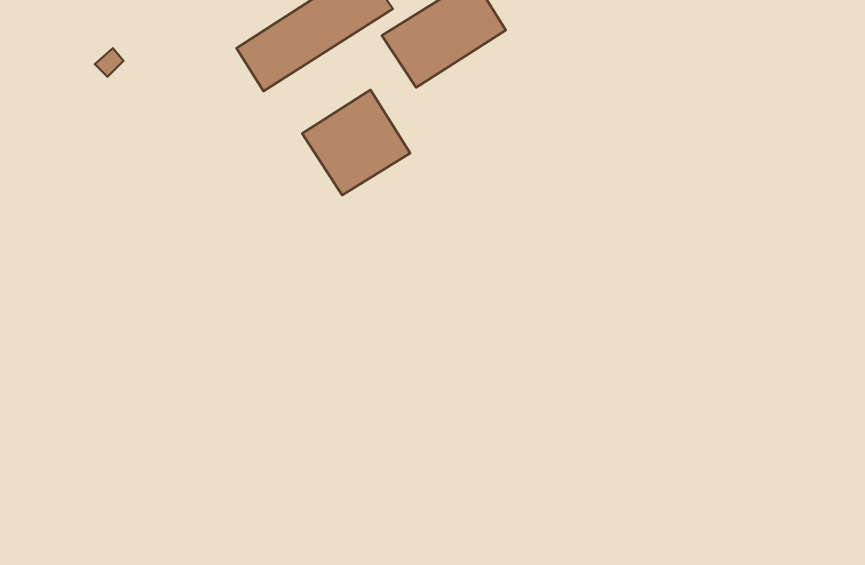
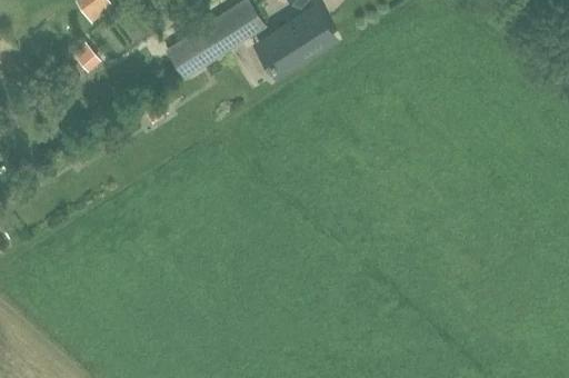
building: [302,90,410,195] -> none

